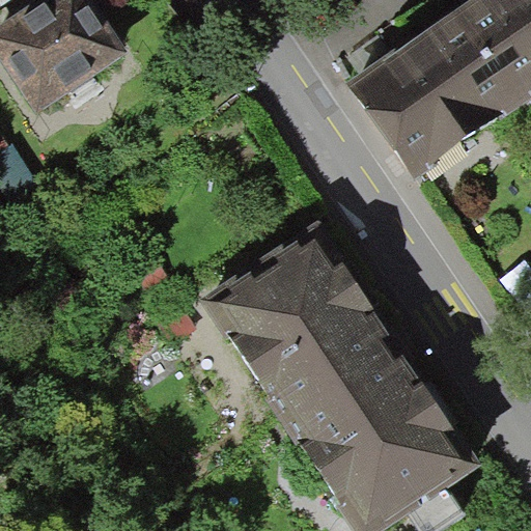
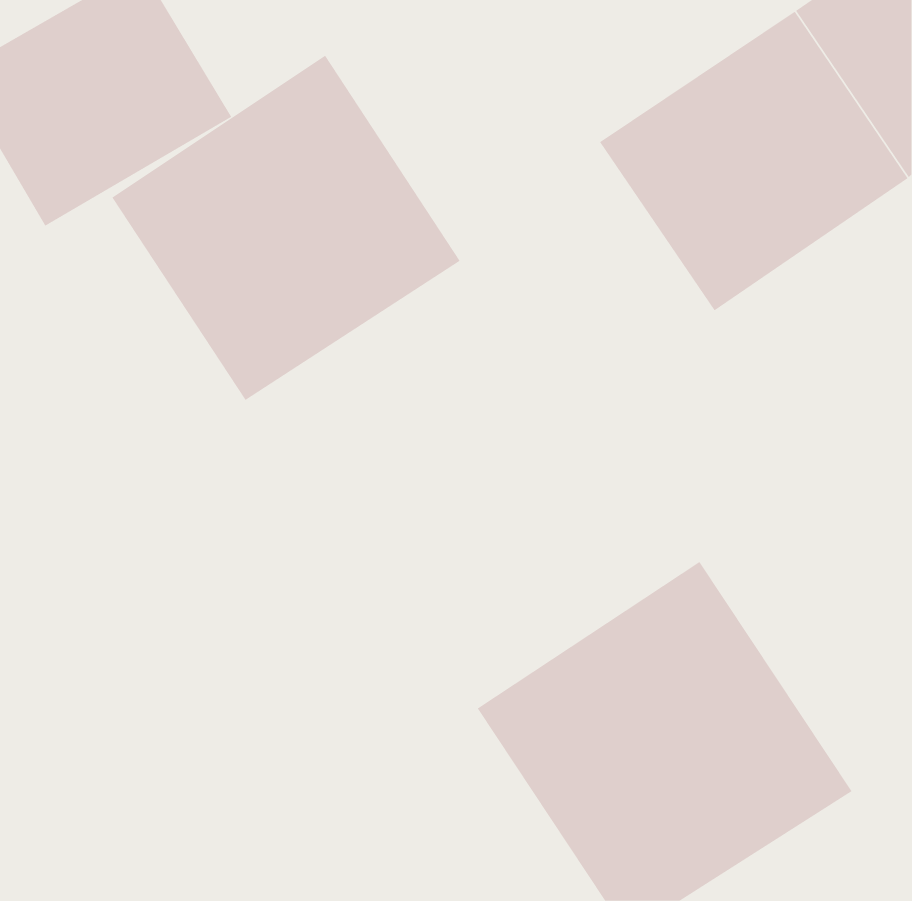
building: none -> [112,55,460,401]
building: [198,207,403,409] -> none

